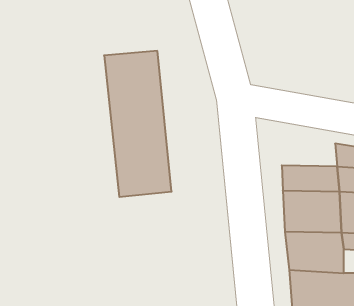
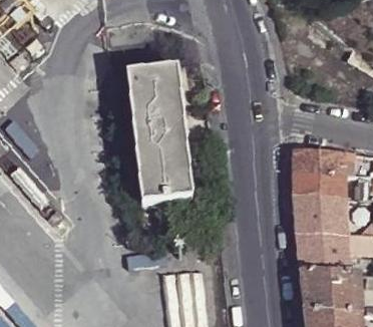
building: none -> [293,146,344,173]

